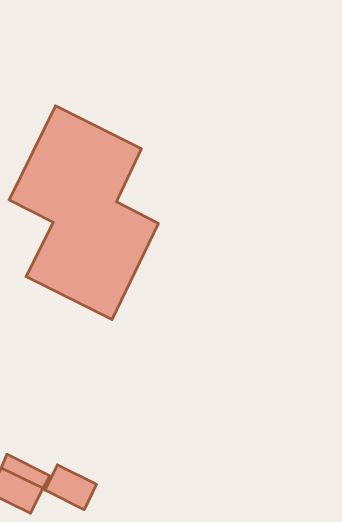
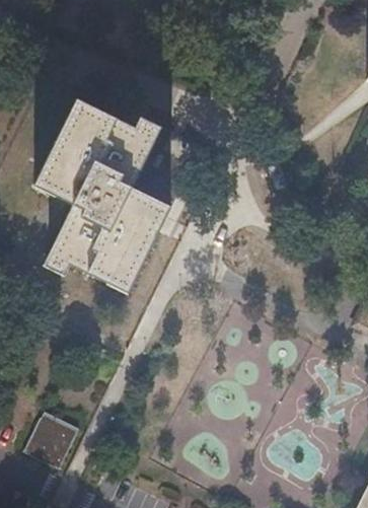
building: [45,465,96,510] -> none

